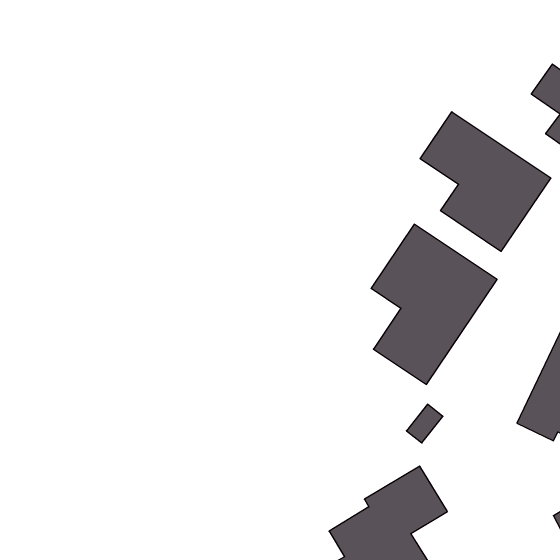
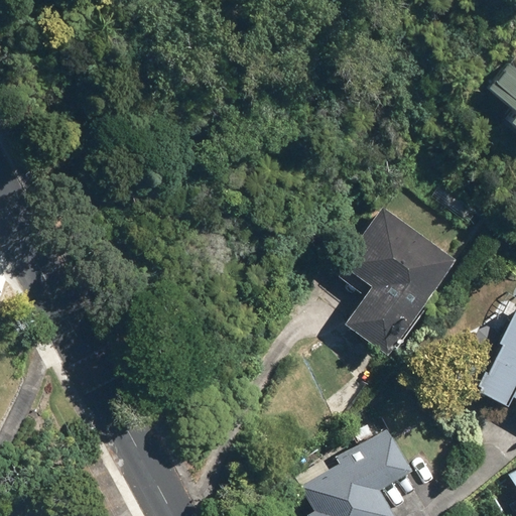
building: [420,112,551,251] -> none

